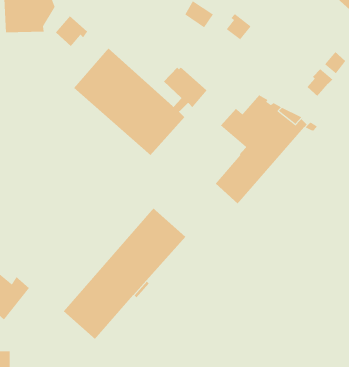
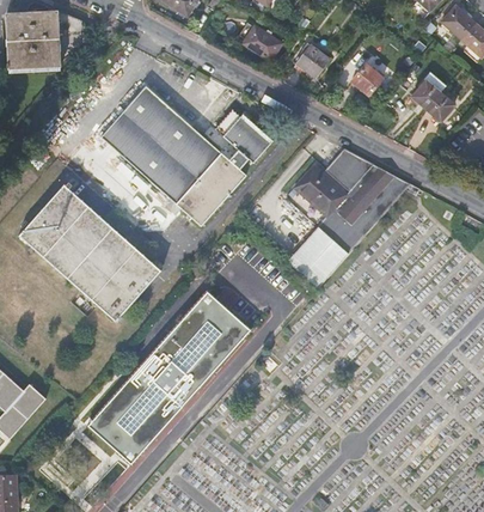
building: [55,16,88,47] -> none
building: none -> [350,63,382,95]
building: [307,68,333,97] -> [411,71,446,108]
building: none -> [23,183,163,328]

